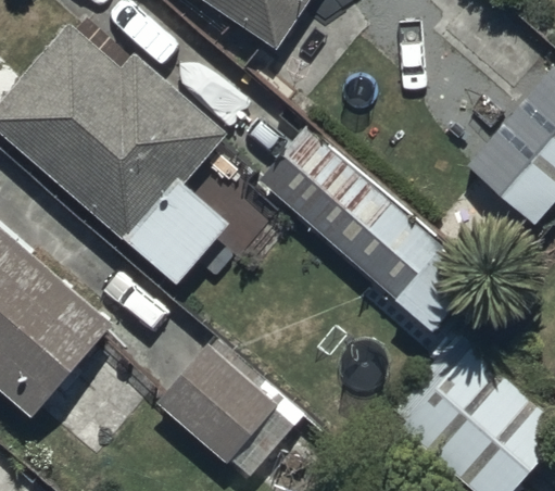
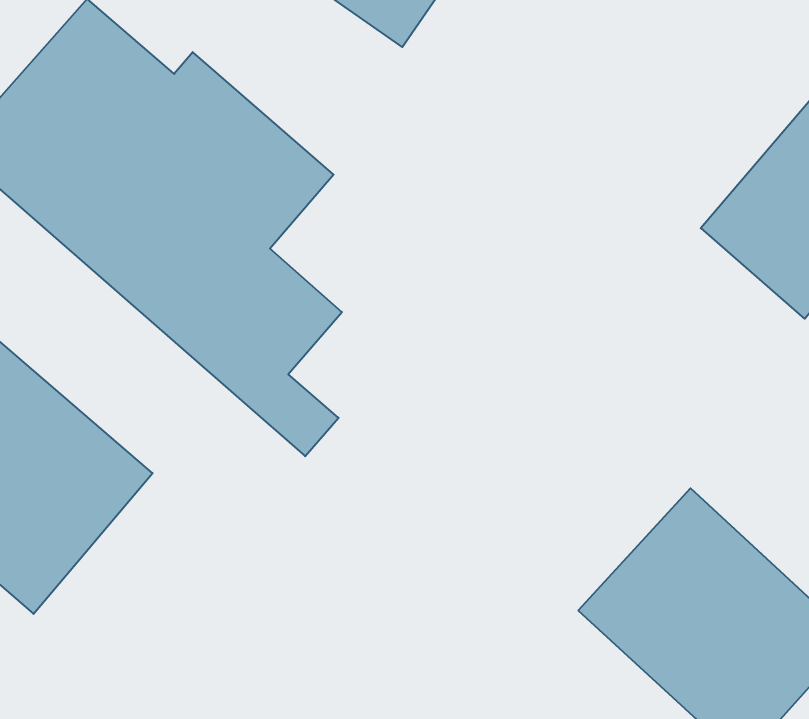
building: [260,127,481,331] -> none
building: [161,344,303,477] -> none

